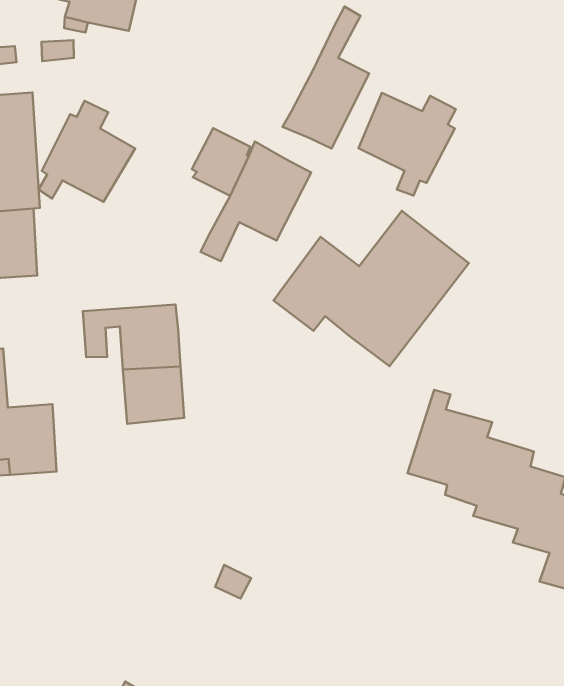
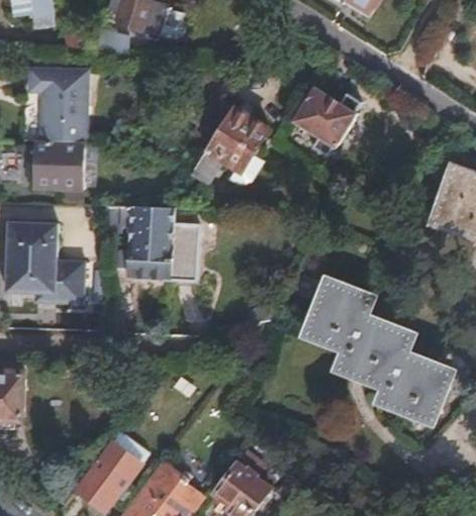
building: [282,7,369,149] -> none
building: [39,101,135,202] -> none
building: [273,211,469,366] -> none
building: none -> [167,224,195,281]

